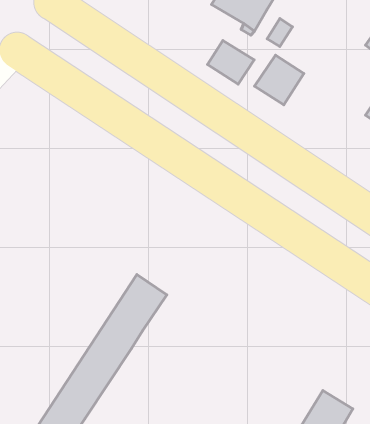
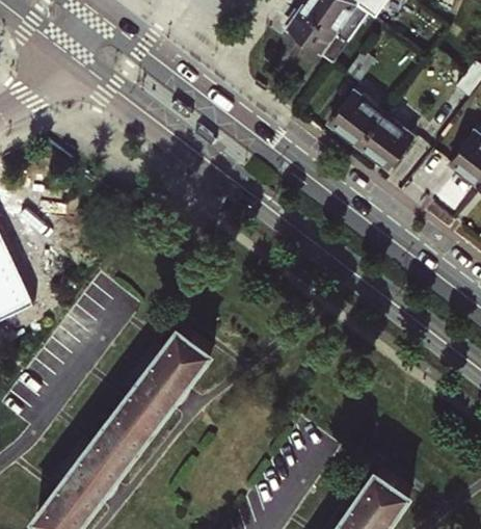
building: [208,40,254,84] -> none
building: none -> [358,114,412,170]

